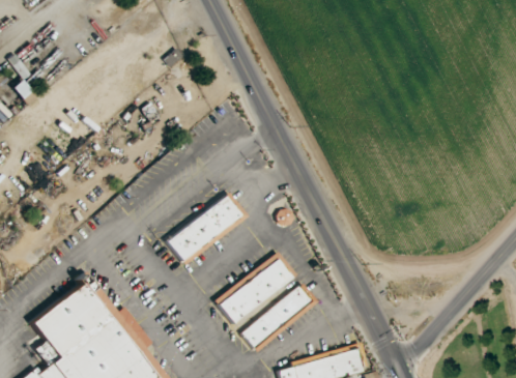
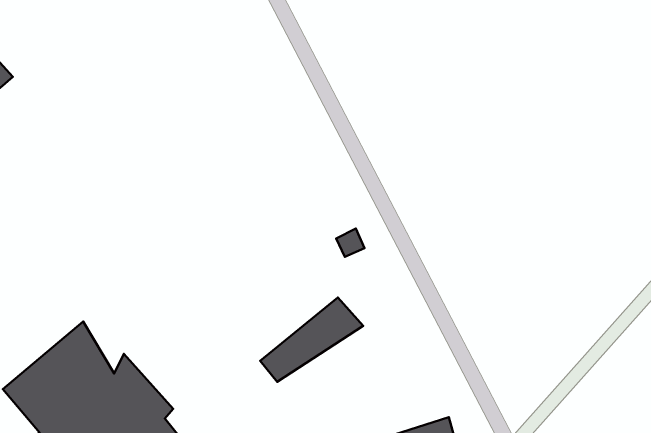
building: [161,192,247,265] -> none
building: [237,286,315,350] -> none

